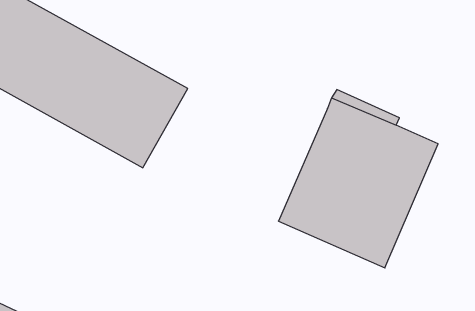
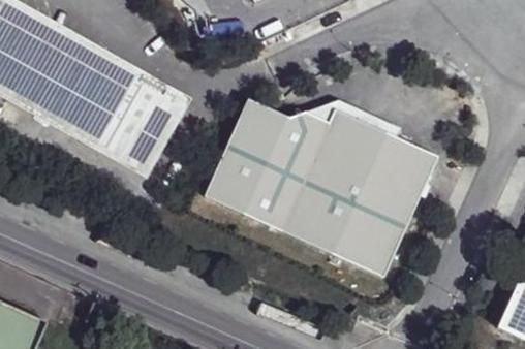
building: none -> [205,97,330,229]

